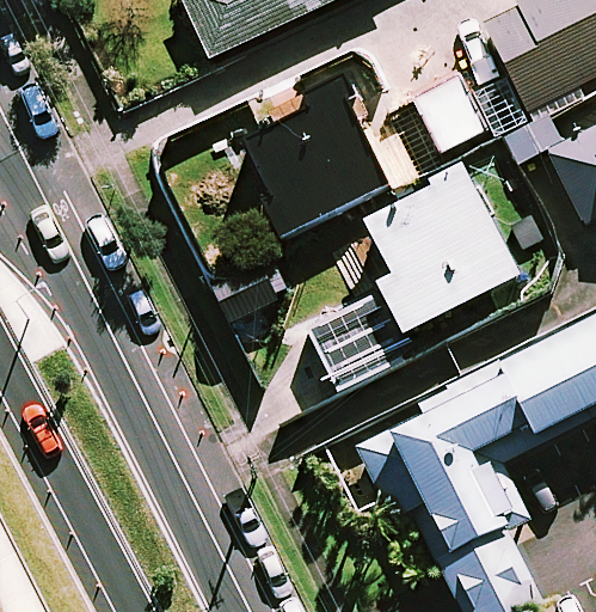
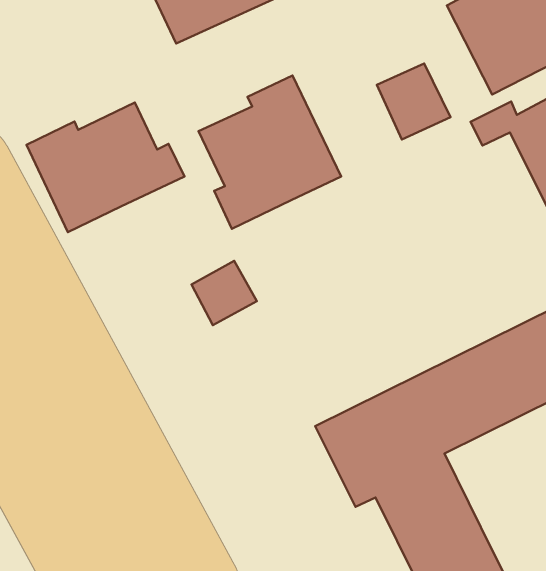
building: none -> [26,102,184,232]
building: [314,186,508,382] -> none

